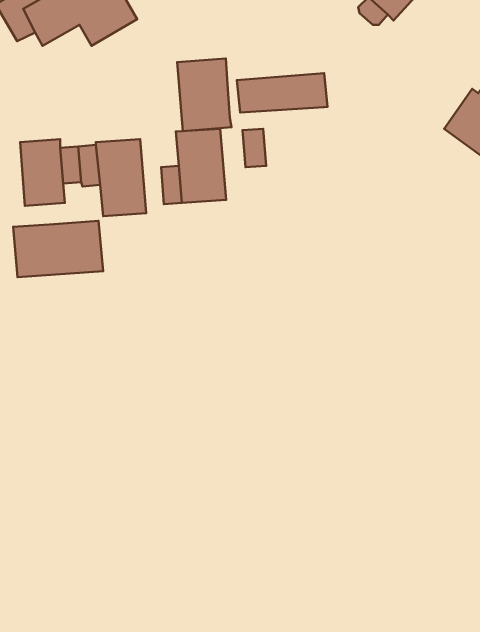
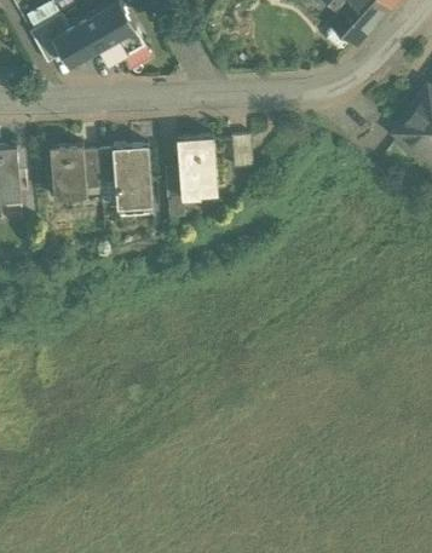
building: [177,58,231,131] -> none
building: [237,73,327,113] -> none
building: [13,221,103,277] -> none

